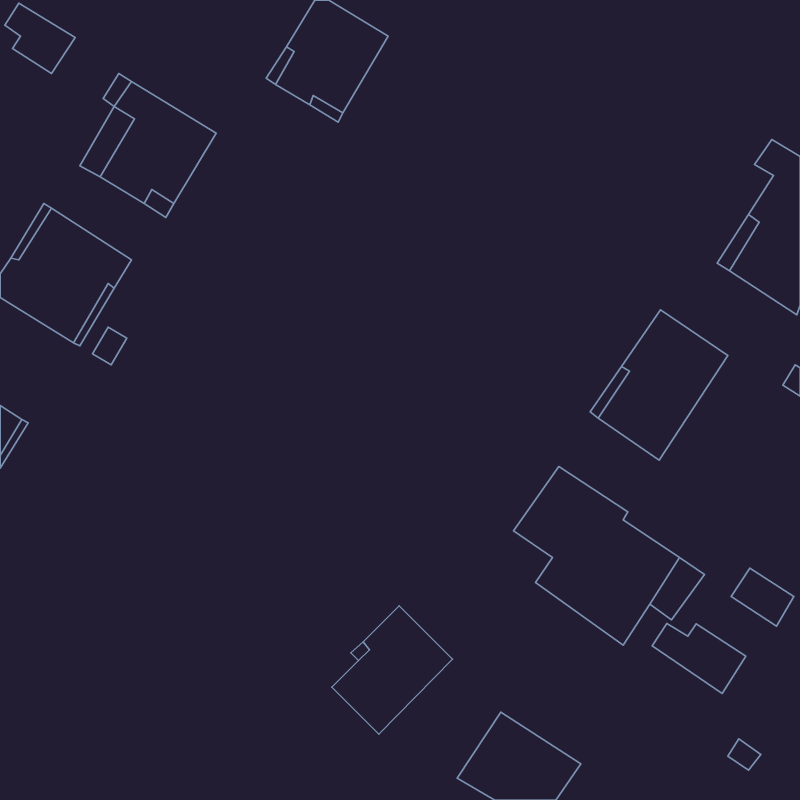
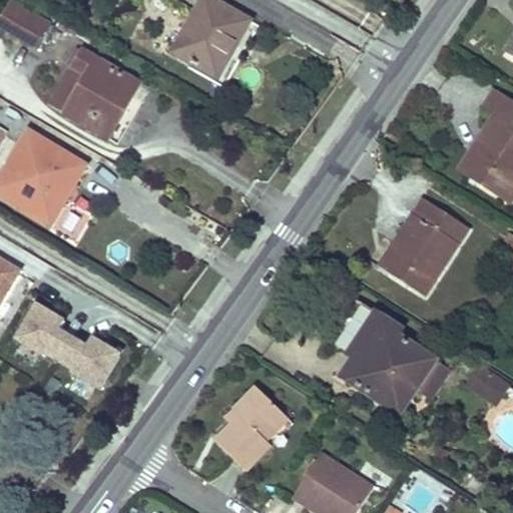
building: none -> [14,297,122,387]
building: [652,624,746,693] -> none

